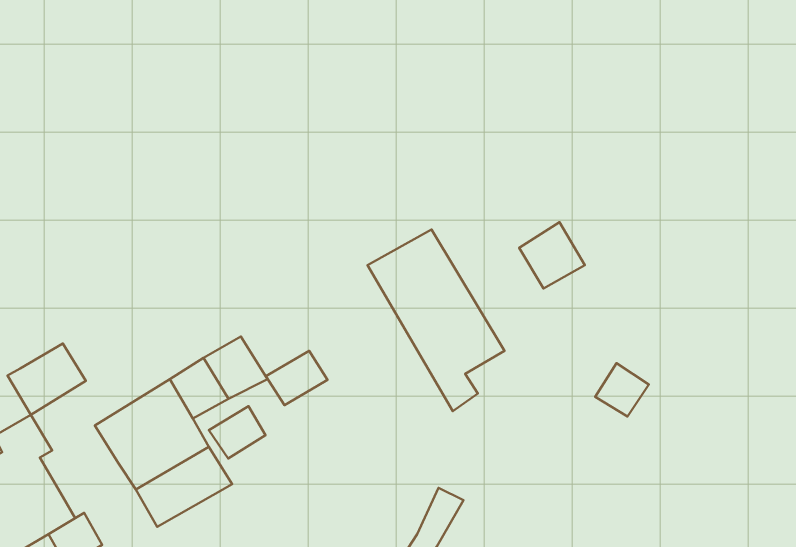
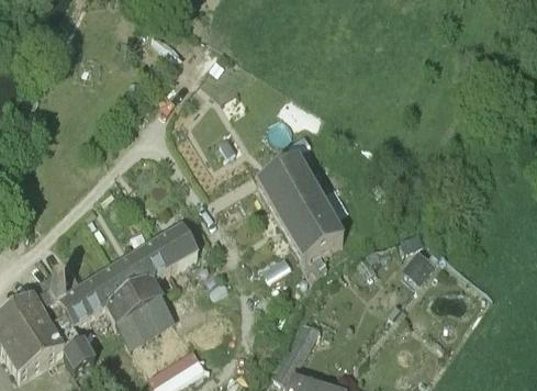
building: [519,222,585,289] -> none
building: [8,344,86,415] -> [57,280,105,324]
building: [266,351,328,405] -> none
building: [209,406,265,459] -> none

